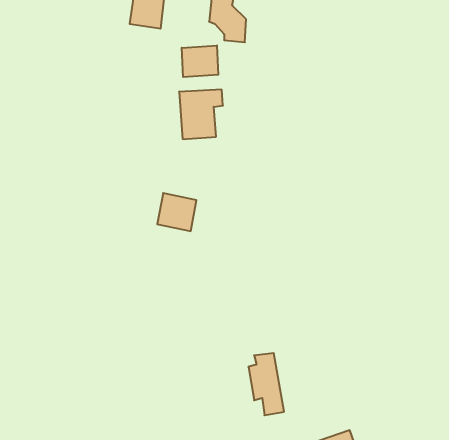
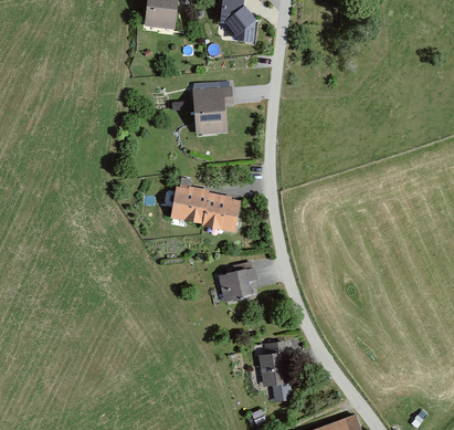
building: [182,45,218,77] -> none
building: none -> [202,192,240,229]
building: none -> [218,268,257,302]

